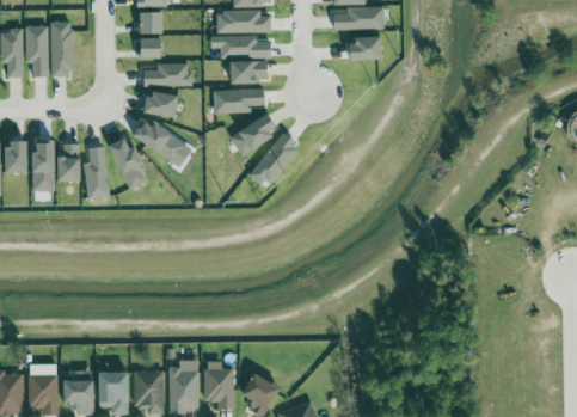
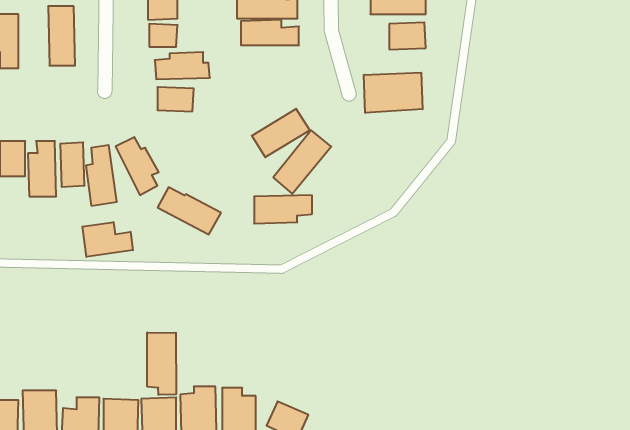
building: [24,26,49,78] -> none
building: [231,61,268,84] -> none
building: none -> [364,73,423,113]
building: [213,88,264,114] -> [254,195,312,224]
building: [130,119,186,161] -> [158,187,221,234]
building: none -> [82,222,133,257]
building: none -> [147,332,176,395]

